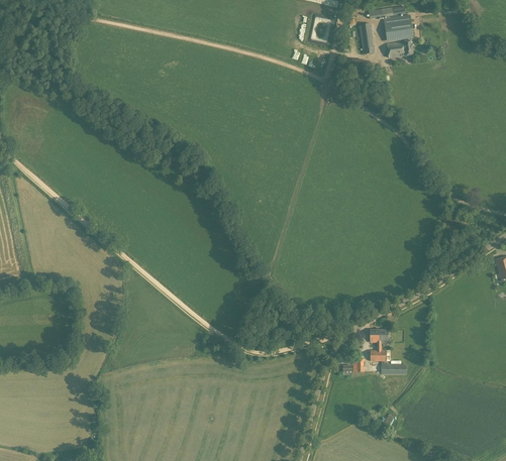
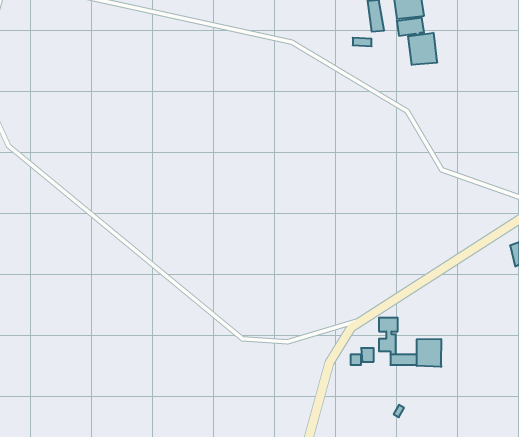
building: none -> [408,33,437,65]
building: none -> [417,339,441,367]

